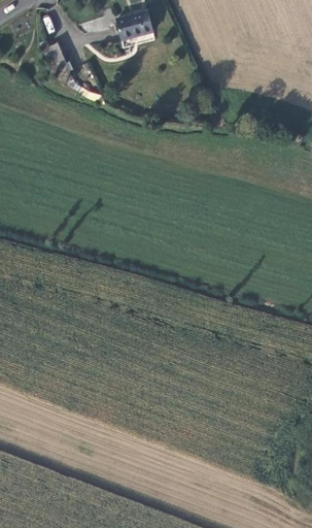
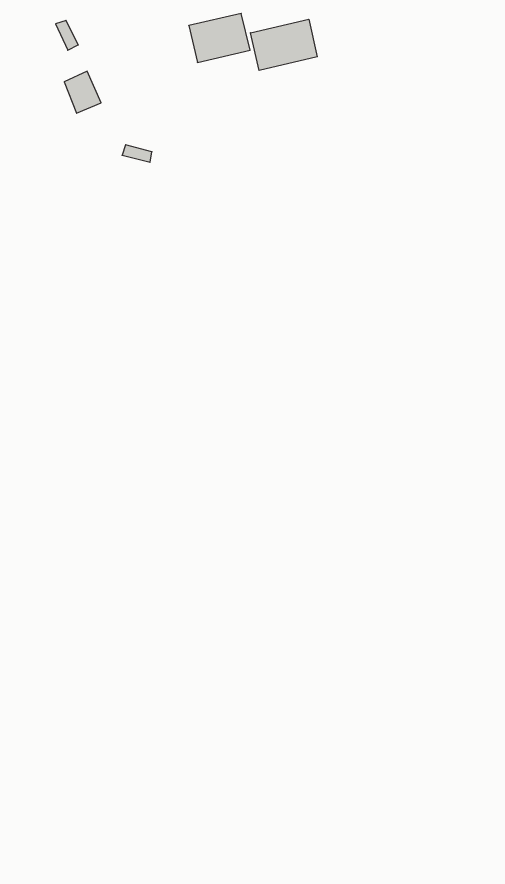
building: none -> [250,19,317,70]

